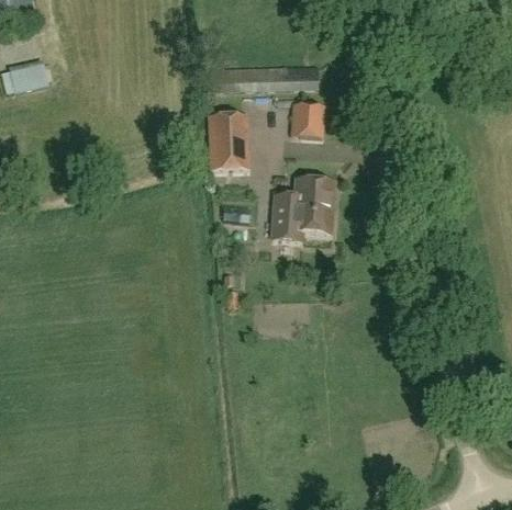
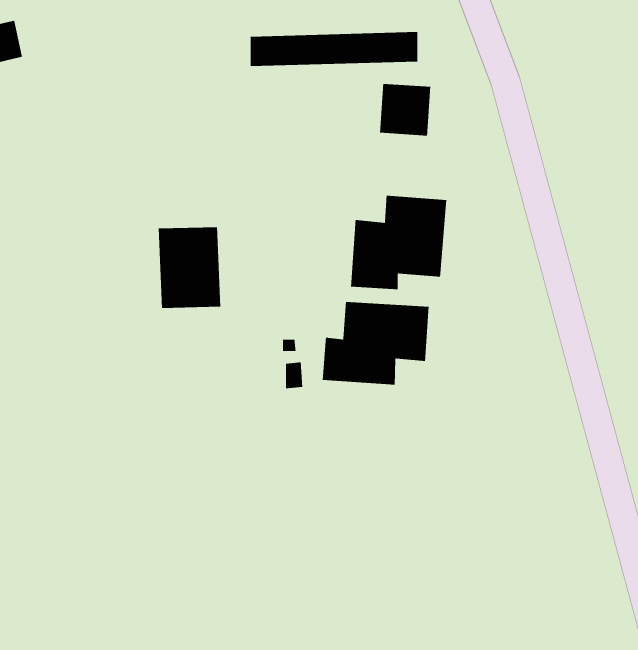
building: [208,114,251,170] -> [158,226,221,309]
building: none -> [322,301,429,386]

